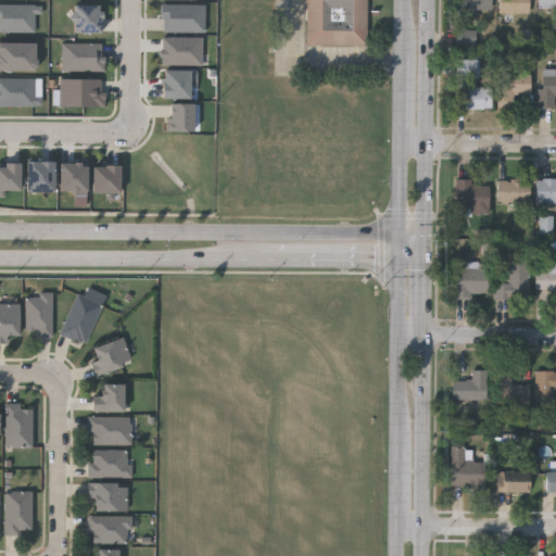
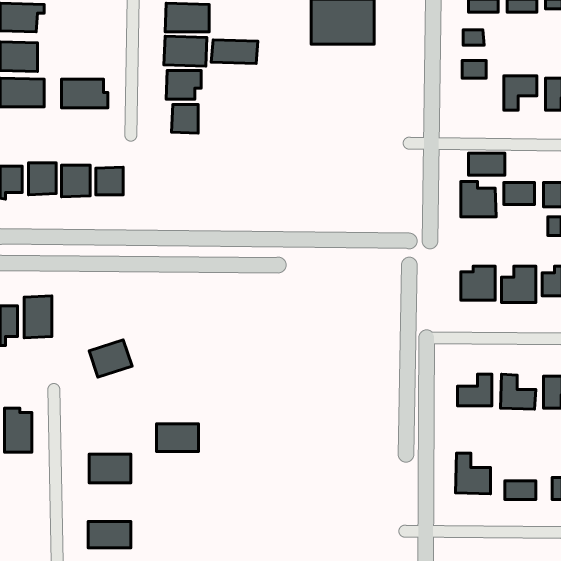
building: [74,4,104,33] -> none
building: none -> [211,40,258,63]
building: [64,42,105,71] -> none
building: [457,88,493,110] -> [468,153,505,175]
building: [60,292,102,343] -> none
building: [92,382,123,409] -> none
building: [89,416,130,443] -> [157,424,198,451]
building: [87,481,127,509] -> none
building: [5,490,31,532] -> none

